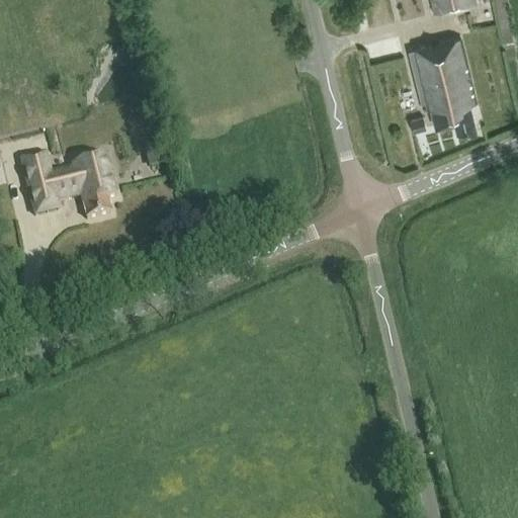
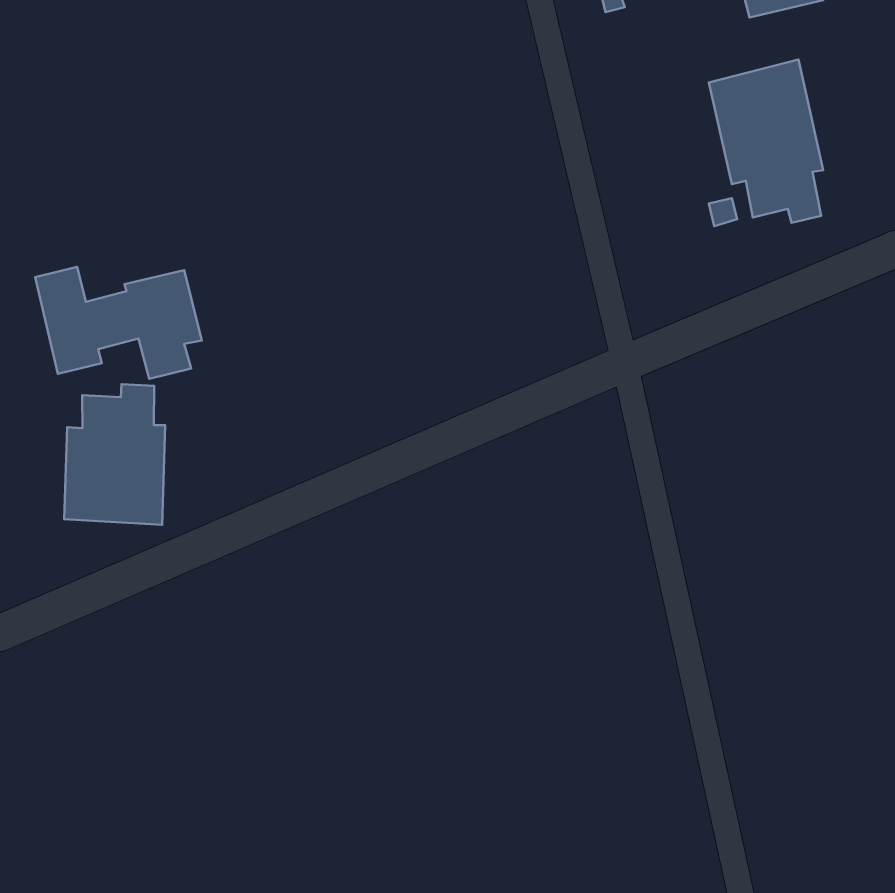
building: none -> [64,384,165,525]

